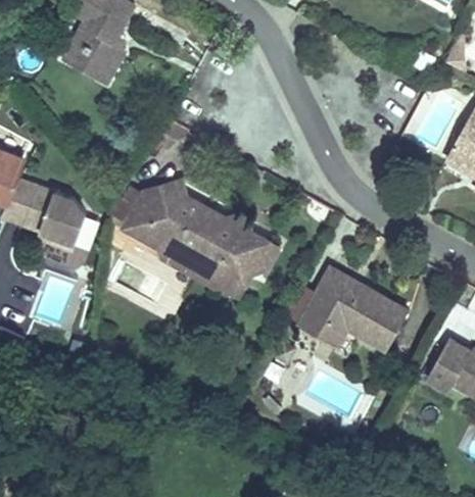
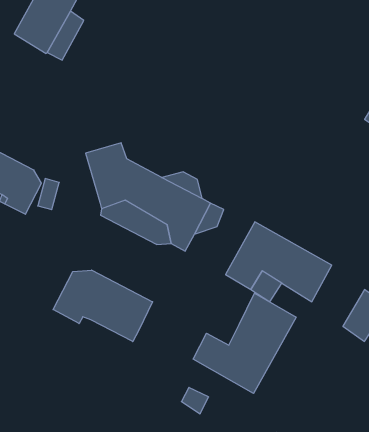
building: [116,189,152,242] -> none
building: none -> [53,270,153,342]
building: none -> [193,293,296,393]

